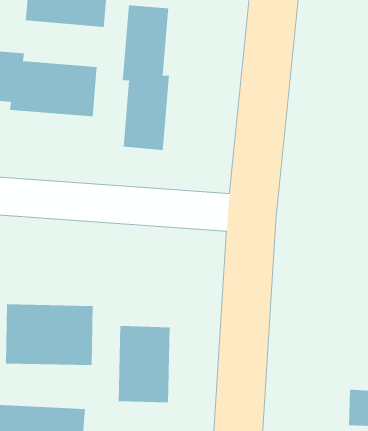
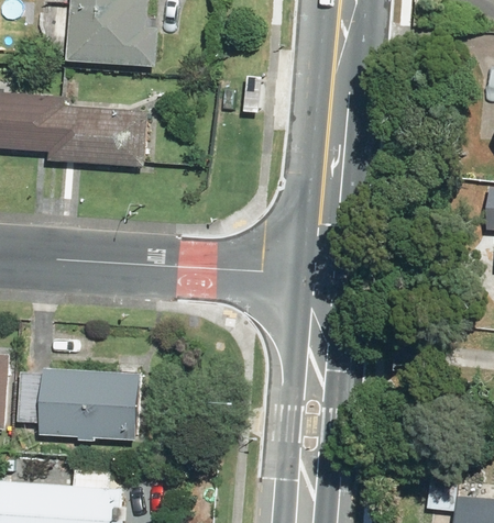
building: [122,5,169,151] -> none
building: [118,325,170,403] -> none

